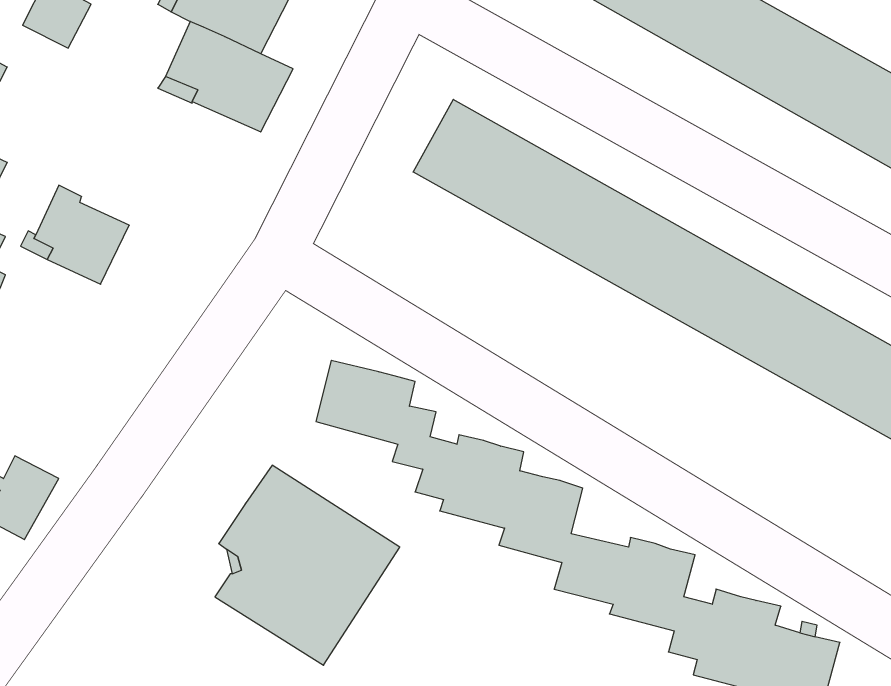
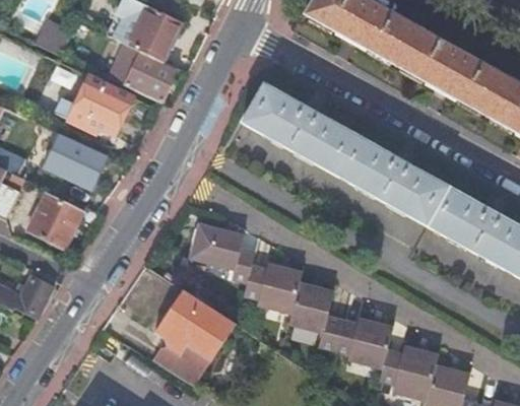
building: none -> [55,75,133,135]
building: none -> [27,194,82,248]

